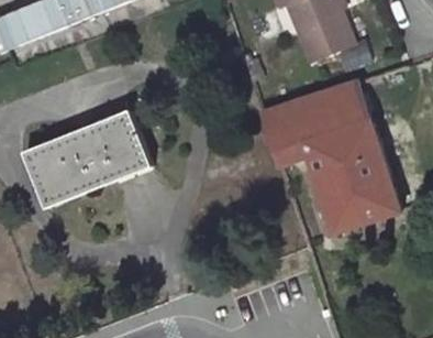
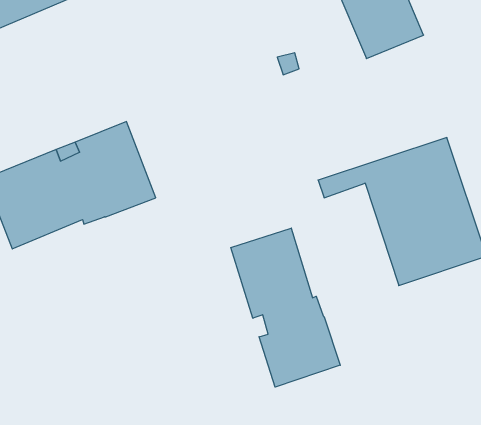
building: [262,83,370,153] -> none
building: none -> [231,228,340,387]

